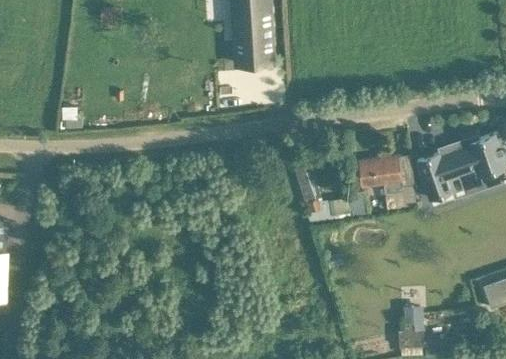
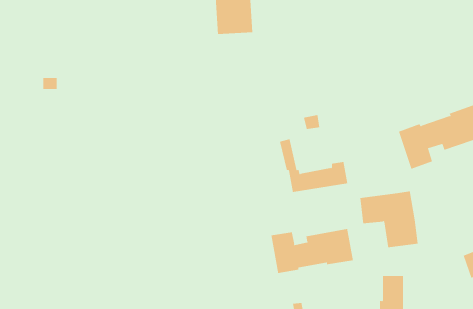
building: [359,153,418,210] -> [359,191,418,248]
building: none -> [271,228,353,274]

